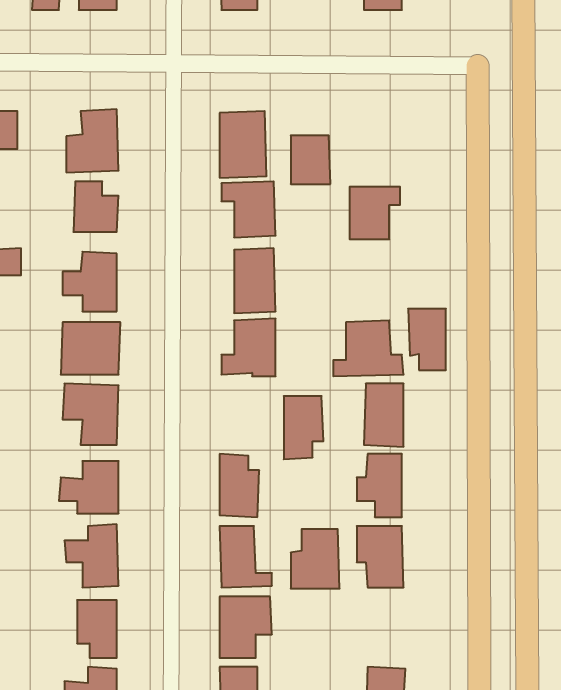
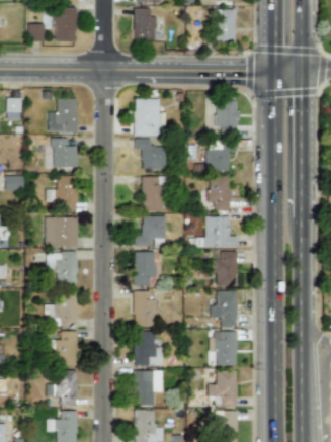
building: [291,135,330,184] -> [217,101,239,128]
building: [408,309,446,370] -> [209,176,230,210]
building: [284,396,323,459] -> [135,251,157,286]
building: [291,529,340,589] -> [211,371,238,405]

